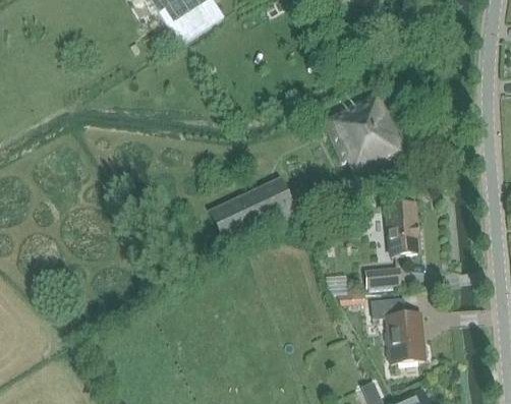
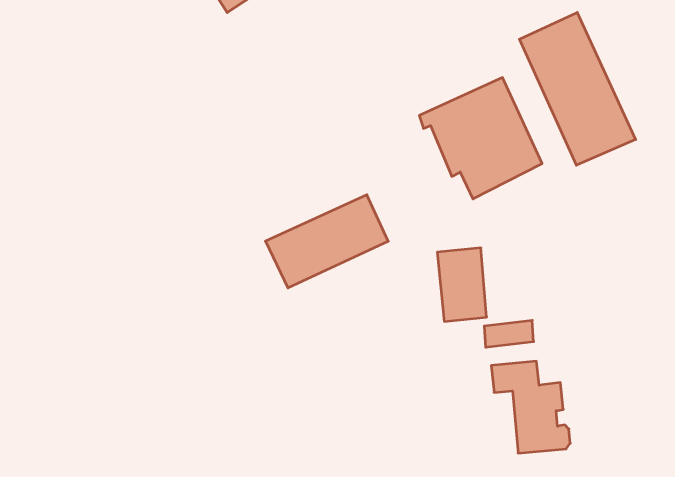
building: none -> [519,12,636,165]
building: [384,203,419,255] -> [437,248,487,321]

